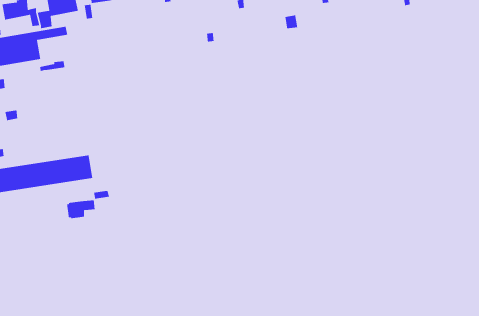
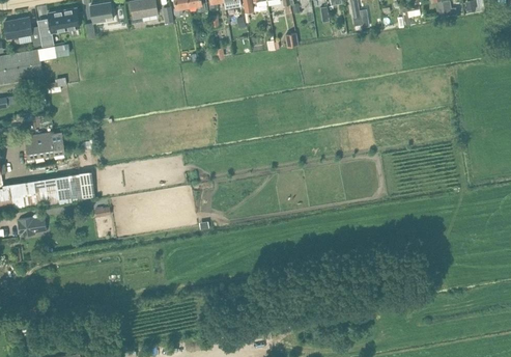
building: none -> [26,132,63,160]
building: [66,199,95,219] -> [16,217,45,237]

